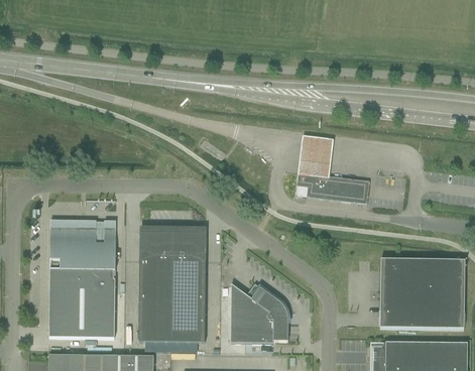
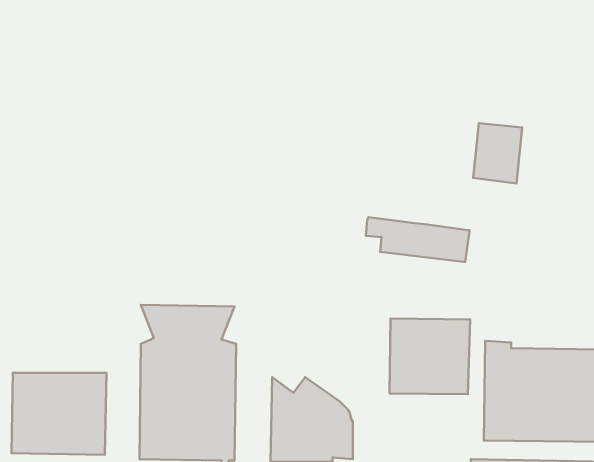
building: [299,133,333,175] -> [473,123,522,184]
building: [49,222,115,280] -> none
building: none -> [389,318,470,394]

